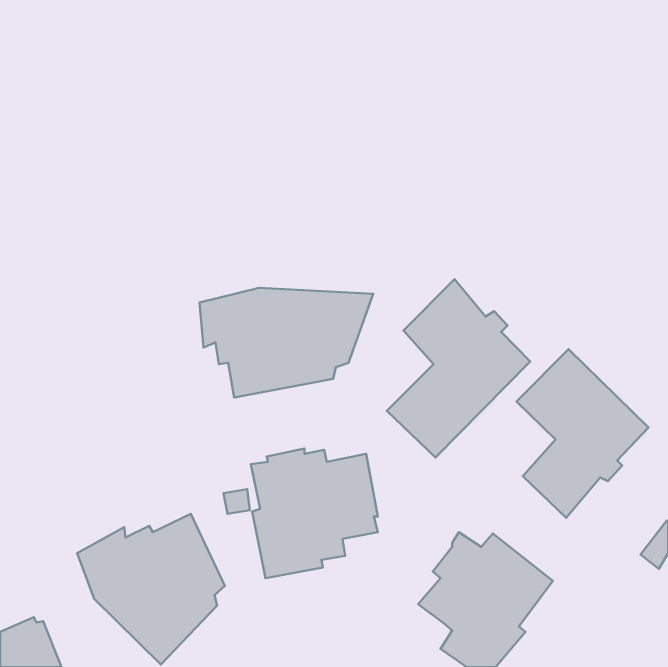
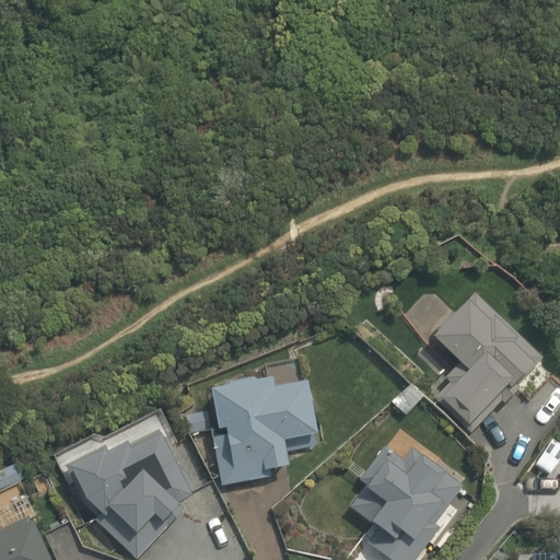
building: [387,279,530,458] -> none
building: [200,288,373,397] -> none

